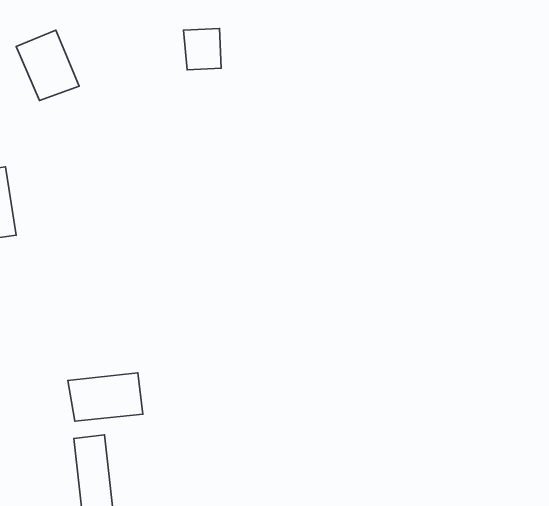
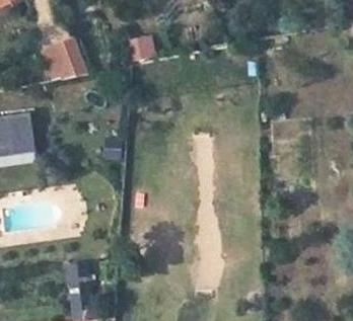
building: [68,373,143,421] -> none

